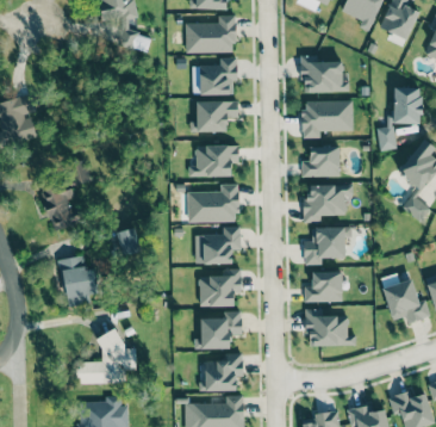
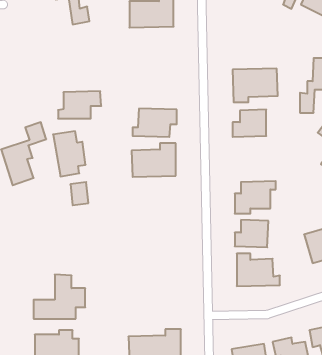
building: [301,56,349,93] -> none
building: [193,57,238,95] -> none
building: [191,101,239,132] -> [58,91,101,119]
building: [305,185,353,223] -> none
building: [203,227,242,265] -> none
building: [60,256,96,308] -> [53,131,86,176]
building: [199,270,242,307] -> none
building: [194,311,242,349] -> none
building: [200,354,243,391] -> none

